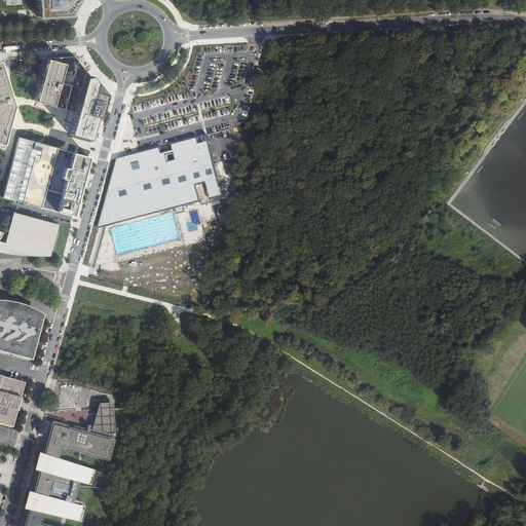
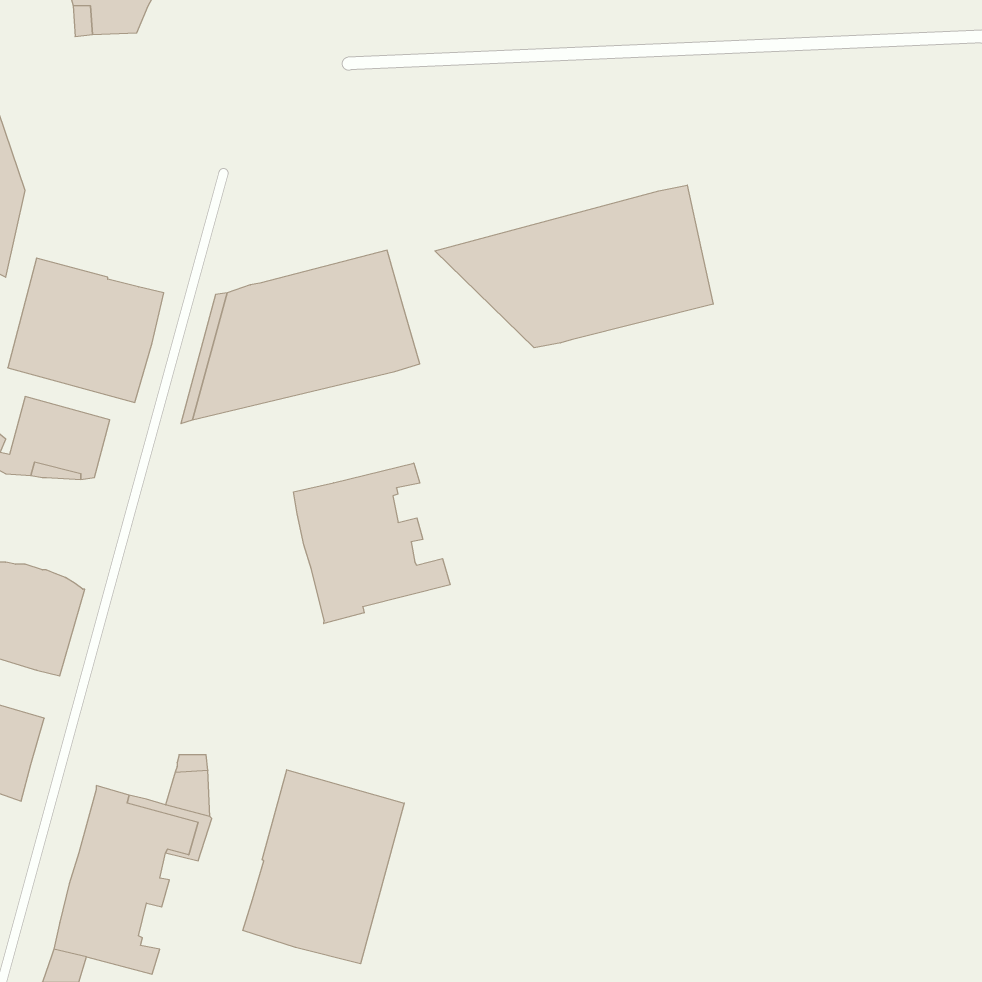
building: [35,55,105,140] -> none
building: none -> [435,185,713,348]
building: none -> [294,463,450,624]
building: none -> [243,770,404,964]

